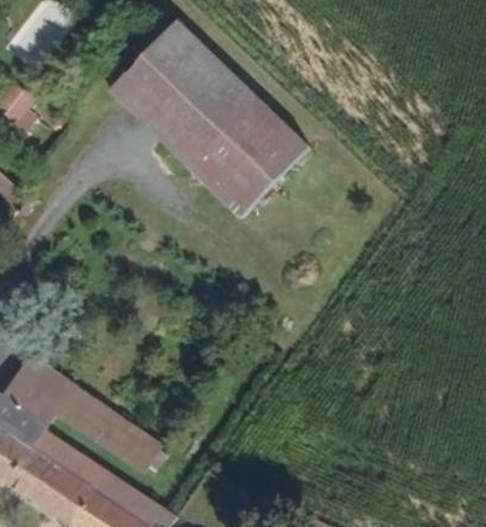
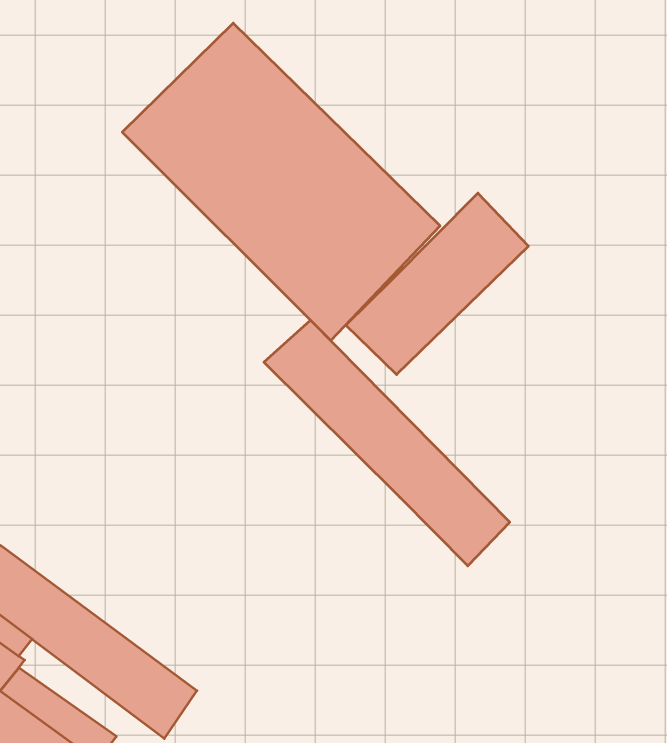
building: none -> [346,193,528,375]
building: none -> [264,320,510,566]

